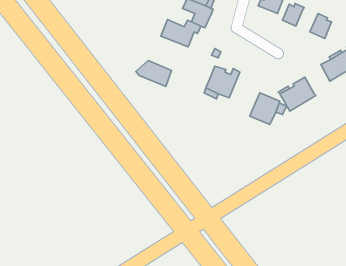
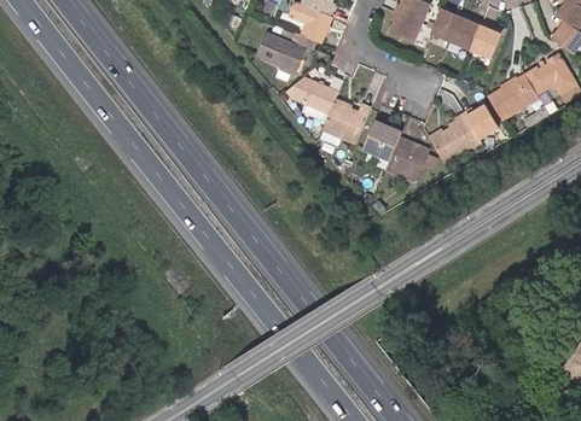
building: none -> [391,12,424,43]
building: none -> [451,17,483,49]
building: [136,61,172,87] -> [284,76,336,113]
building: none -> [463,106,496,139]
building: none -> [361,121,401,162]

